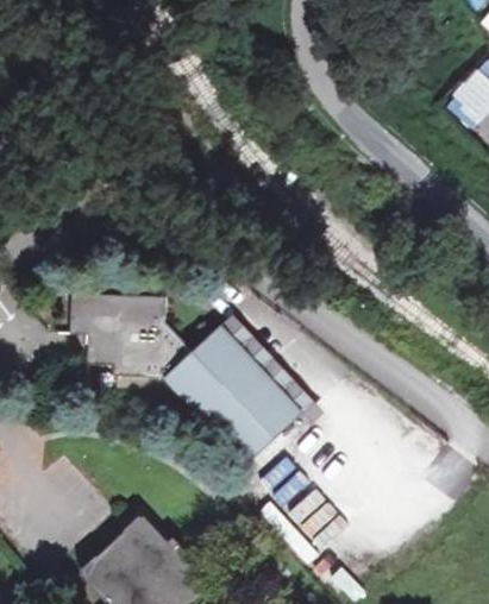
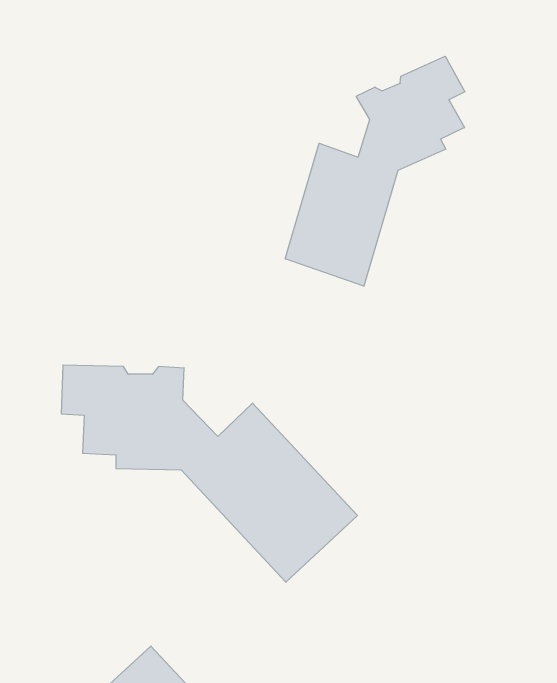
building: none -> [285,56,465,286]

